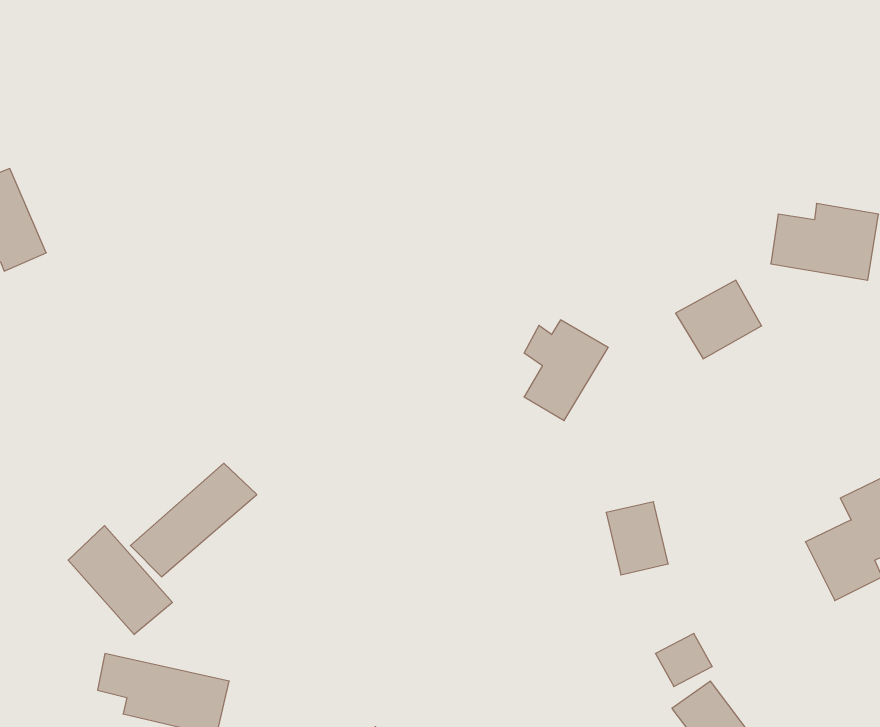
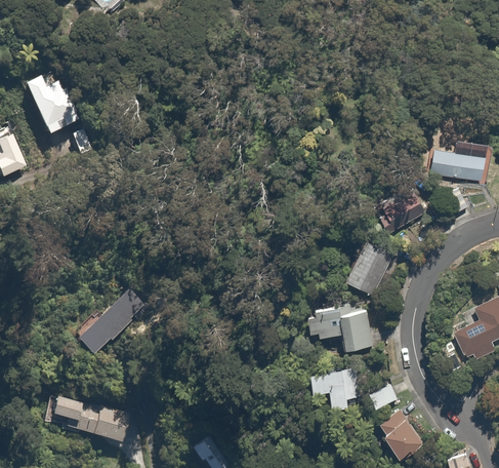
building: none -> [27,72,78,136]
building: [524,320,608,421] -> [347,239,394,296]
building: none -> [308,305,338,342]
building: [68,526,172,635] -> none
building: none -> [315,368,366,417]

